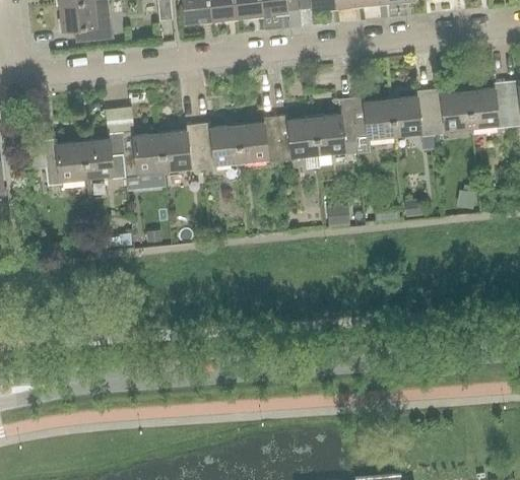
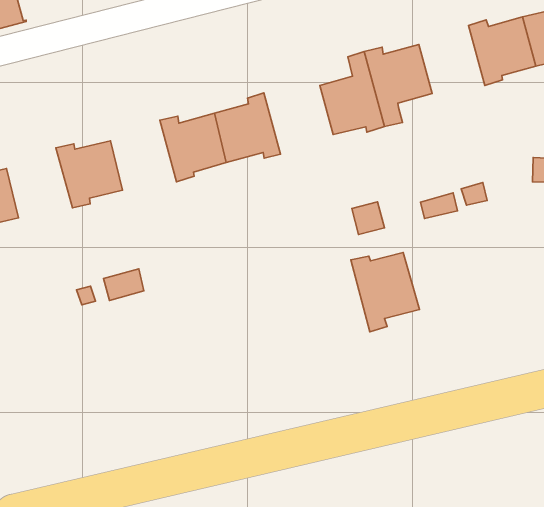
building: [391,91,434,137] -> none
building: [275,116,320,162] -> none
building: [160,125,203,172] -> none
building: [83,133,126,180] -> none
building: none -> [351,253,420,332]

